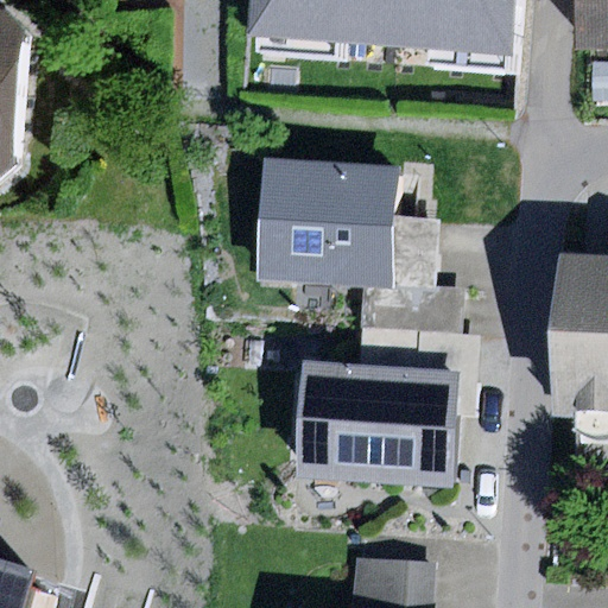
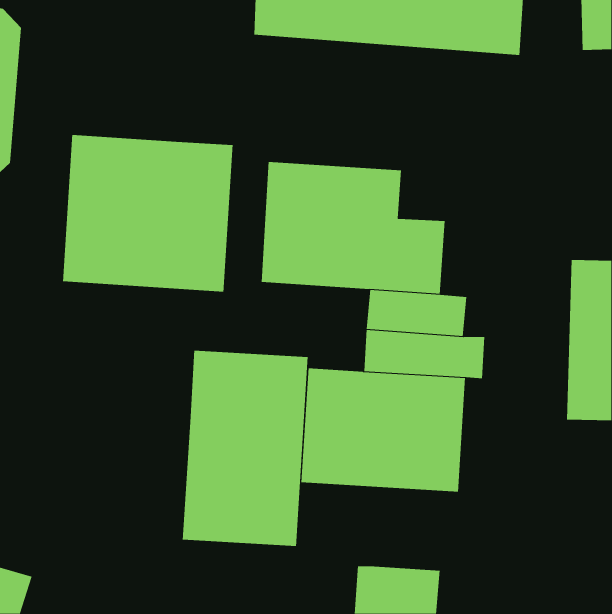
building: none -> [63,134,233,292]
building: none -> [182,350,308,547]

